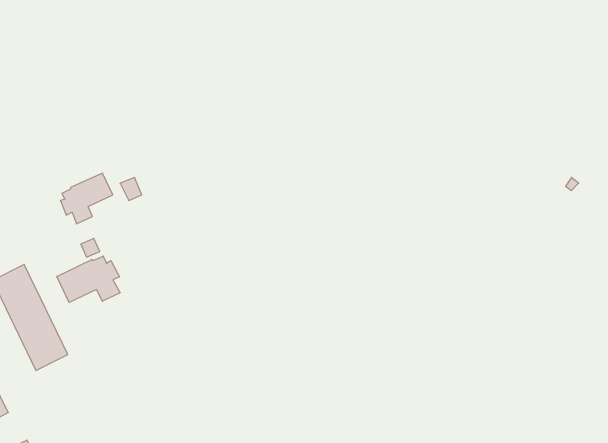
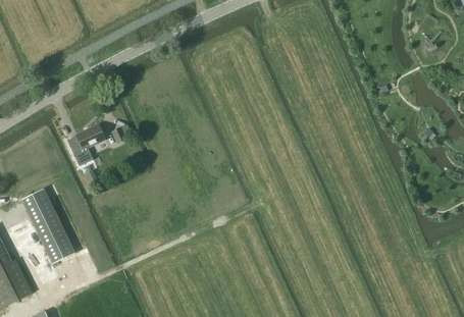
building: [57,256,120,302] -> none

